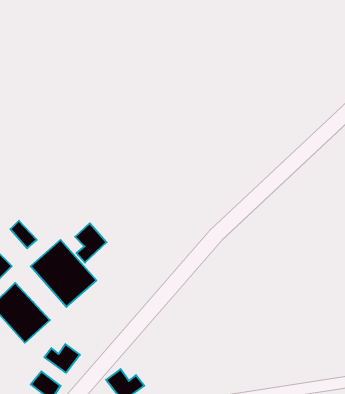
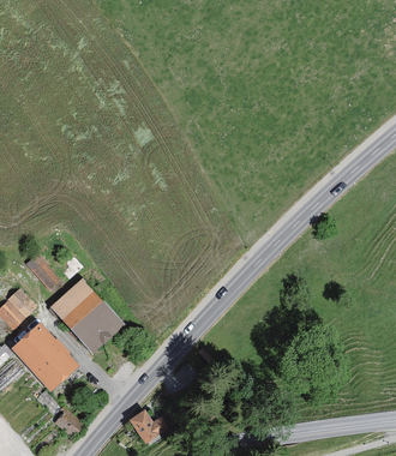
building: [75,223,107,263] -> none
building: [44,344,80,373] -> none

